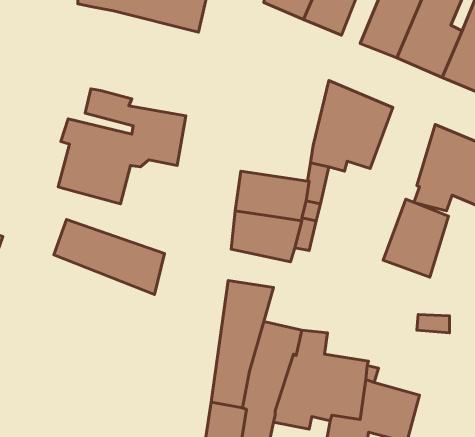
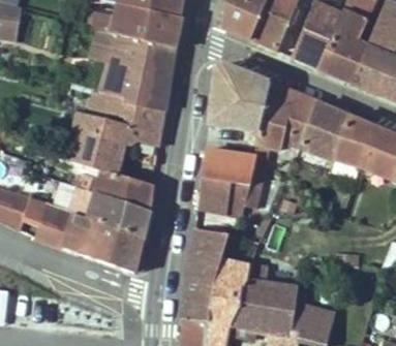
building: none -> [90,30,175,109]
building: none -> [209,64,270,131]
building: none -> [72,162,153,210]
building: [383,199,448,277] -> [300,103,347,160]
building: none -> [35,202,143,273]

